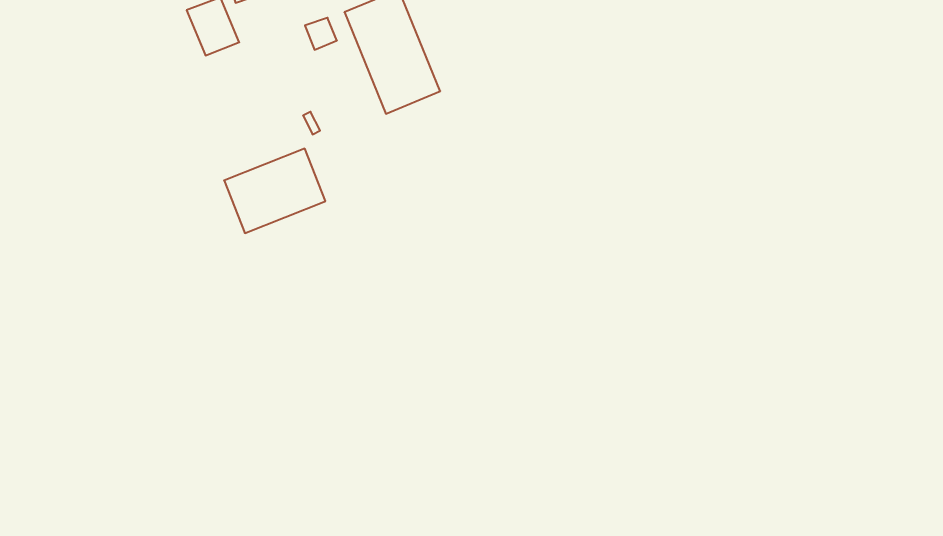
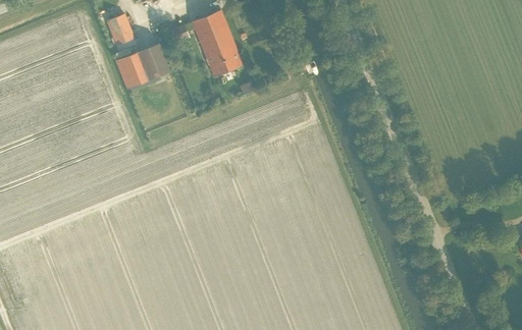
building: [224,149,325,233] -> [115,44,170,90]

